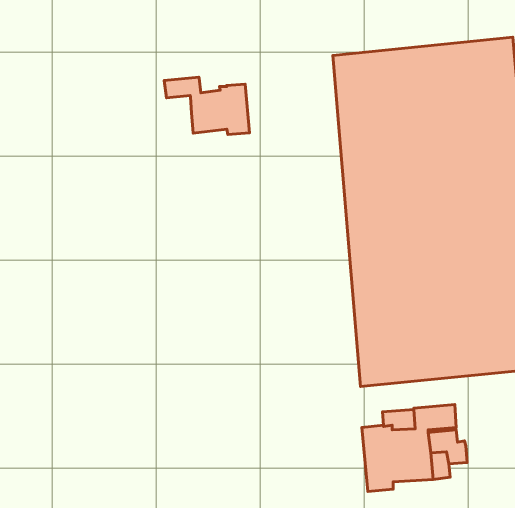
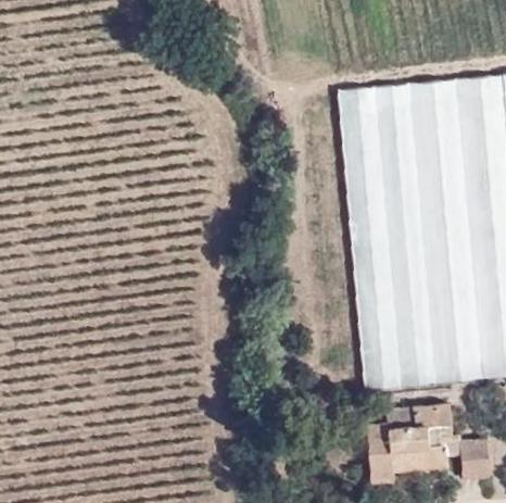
building: [164,77,249,135] -> none
building: none -> [459,440,489,482]

